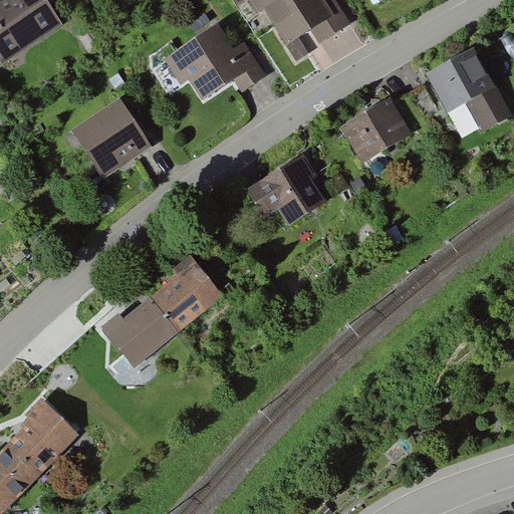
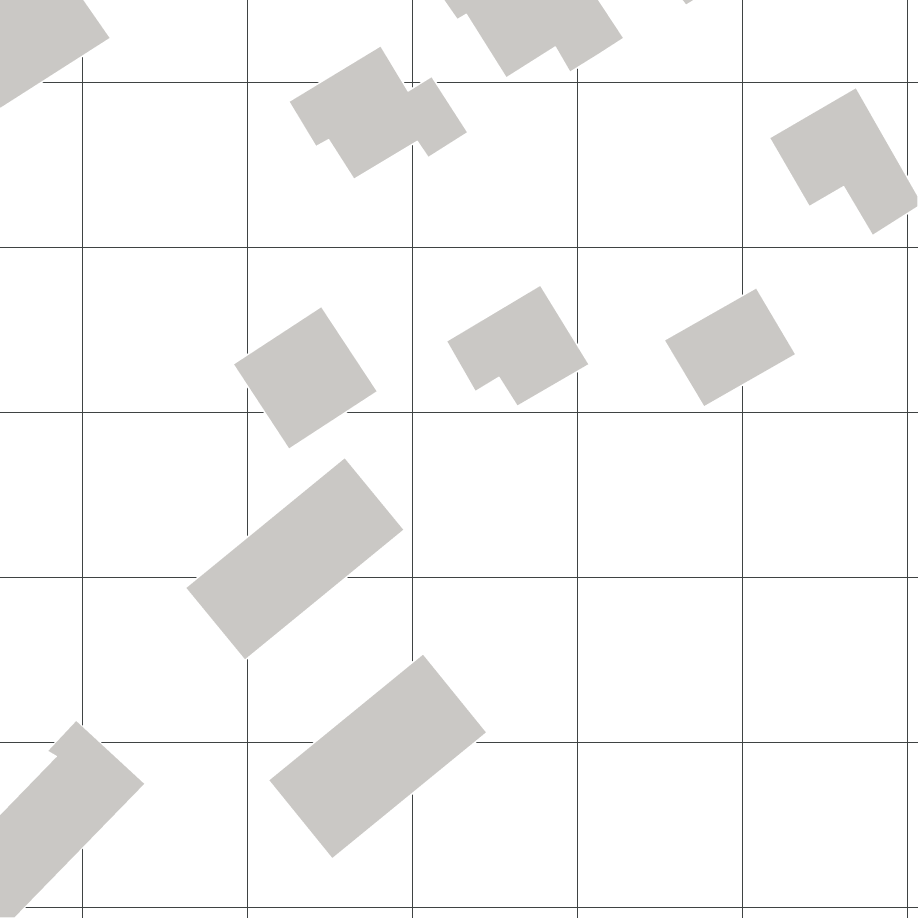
building: [70,96,151,176] -> [233,306,378,450]
building: [339,96,413,163] -> [664,288,796,407]
building: none -> [268,653,487,859]

